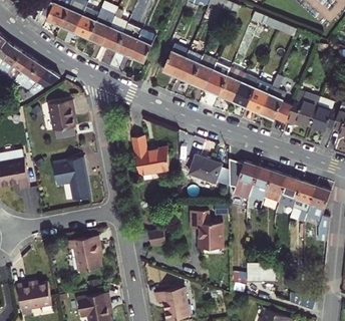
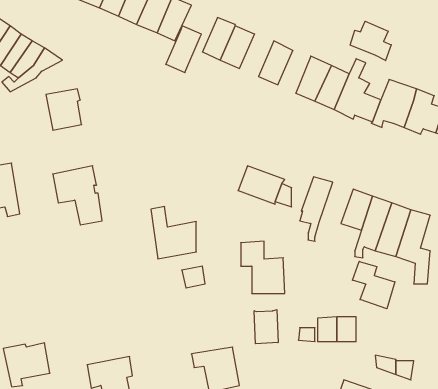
building: none -> [350,21,391,61]
building: [190,55,216,89] -> [166,26,201,73]
building: [218,69,242,101] -> none
building: [134,136,167,175] -> [151,207,196,259]
building: [248,167,273,201] -> none
building: none -> [352,261,395,309]
building: [69,237,101,273] -> none
building: none -> [254,310,278,344]

